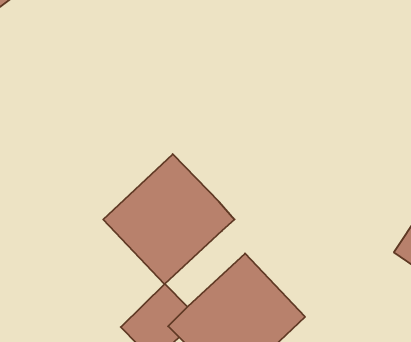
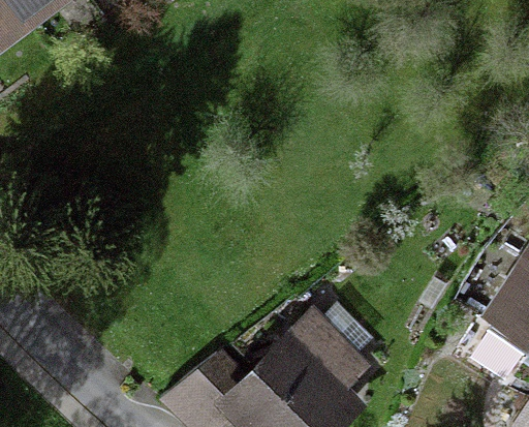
building: [103,154,235,284] -> none

